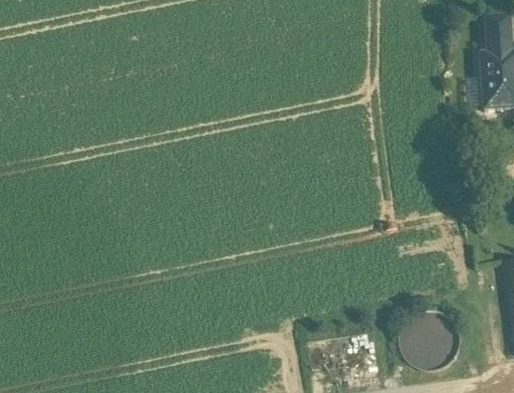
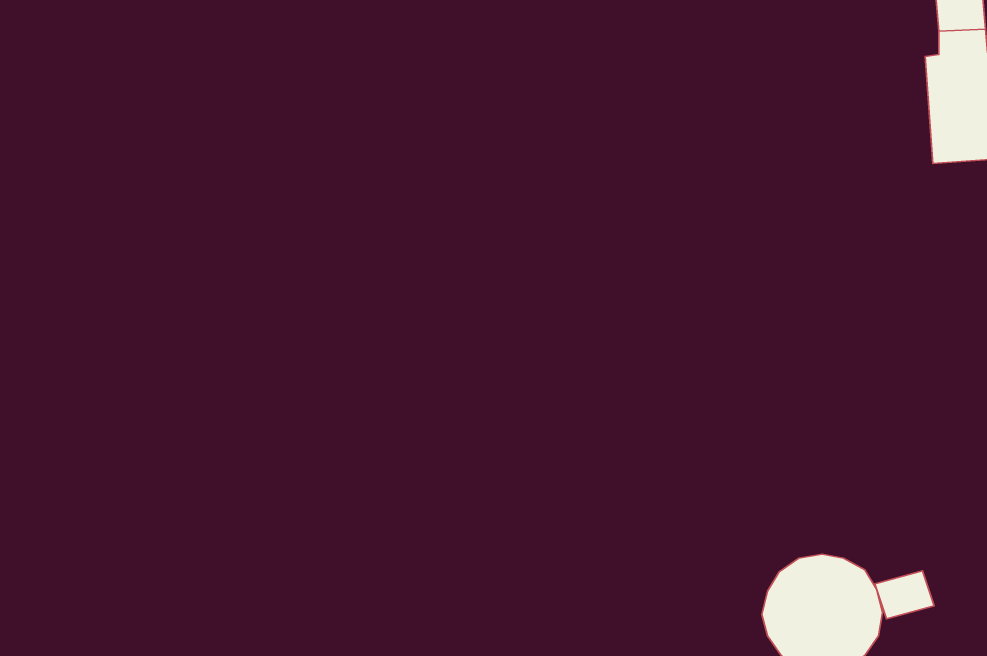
building: none -> [875,571,934,619]

